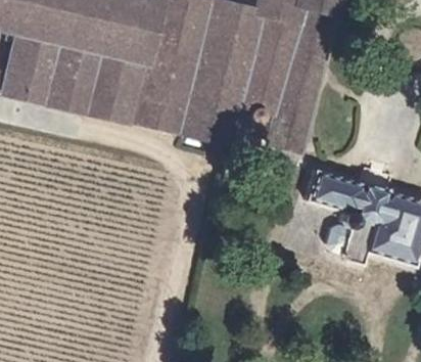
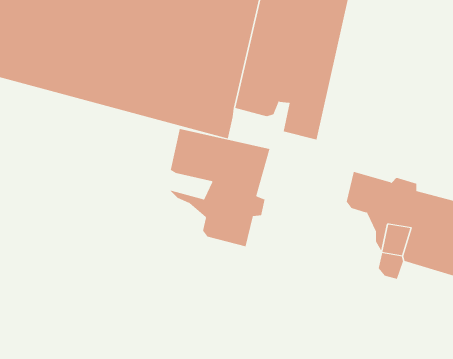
building: none -> [168,128,270,247]

